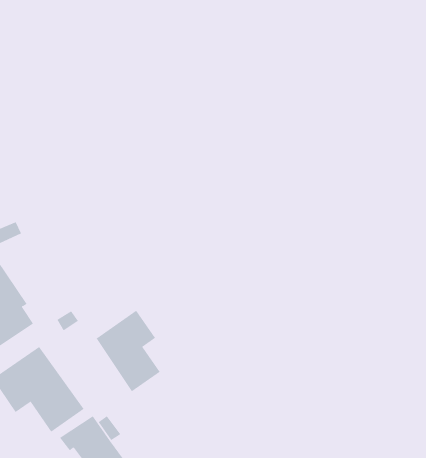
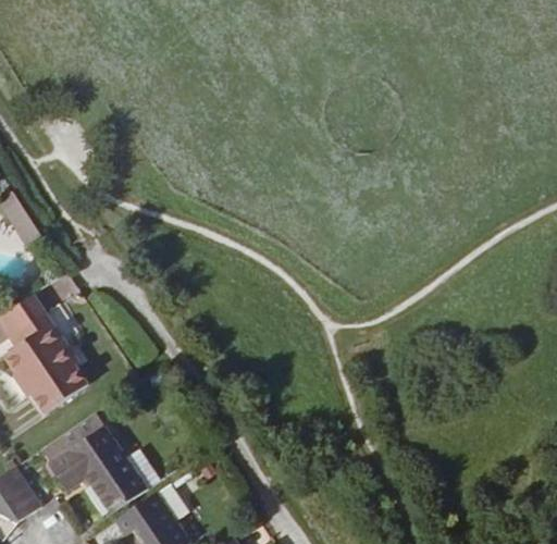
building: [96,310,161,392] -> none

